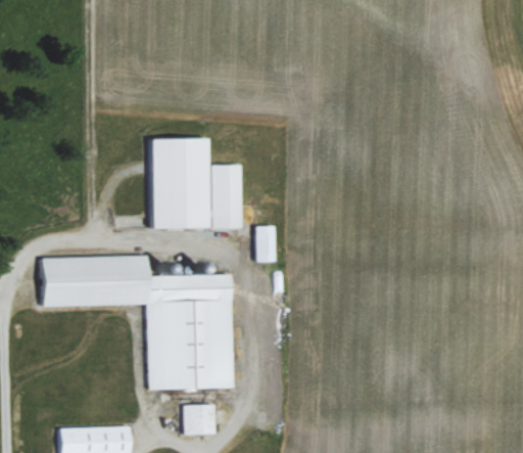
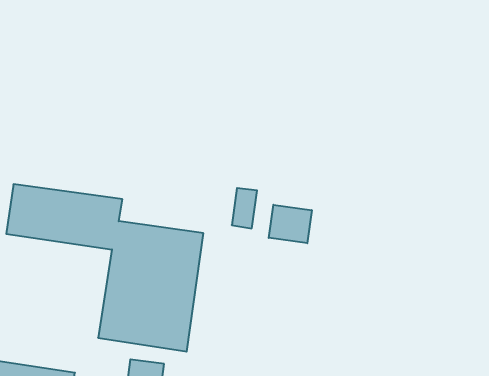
building: [152,137,241,229] -> none
building: none -> [269,205,312,243]

